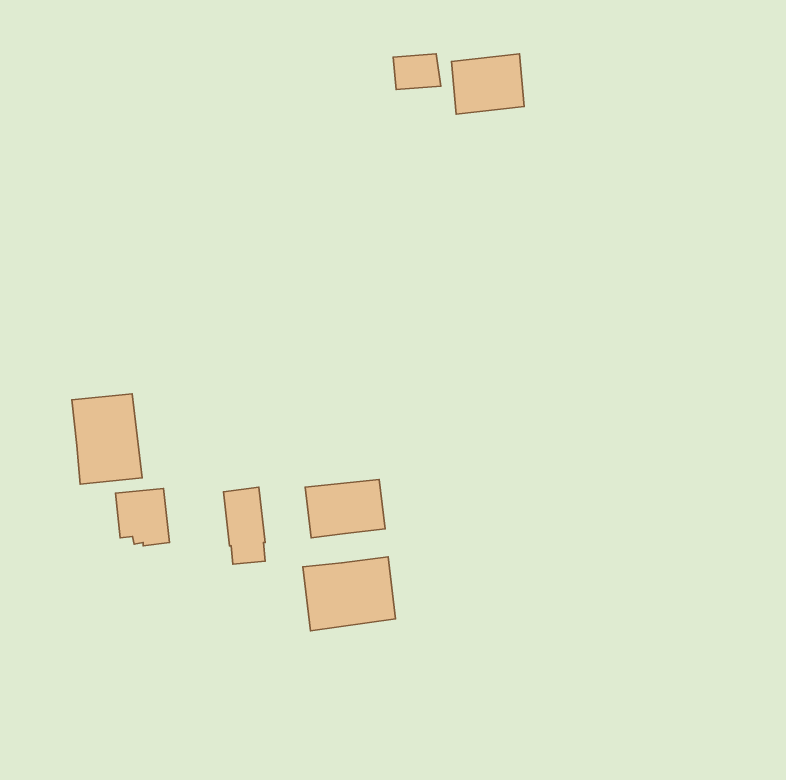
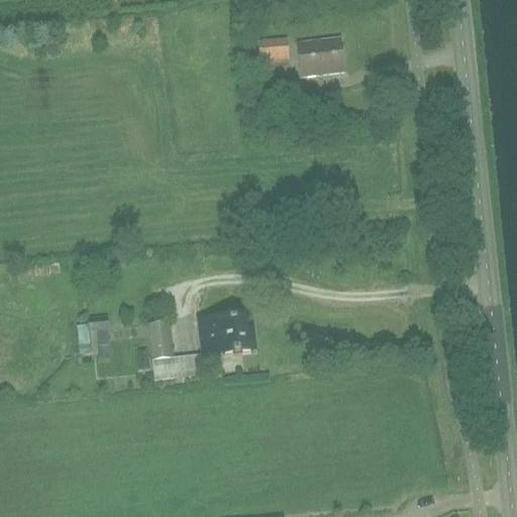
building: [72,394,142,484] -> none
building: [303,557,395,631] -> none

